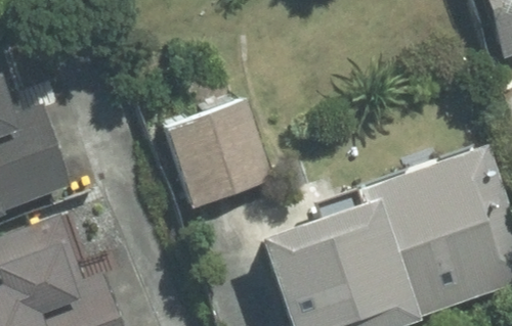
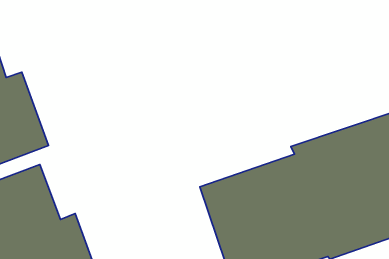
building: [165,97,276,208] -> none

